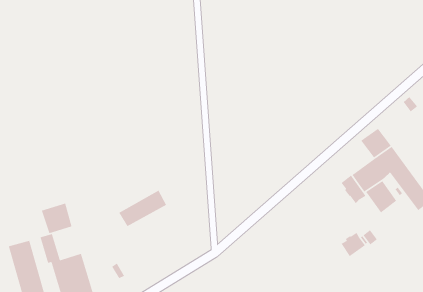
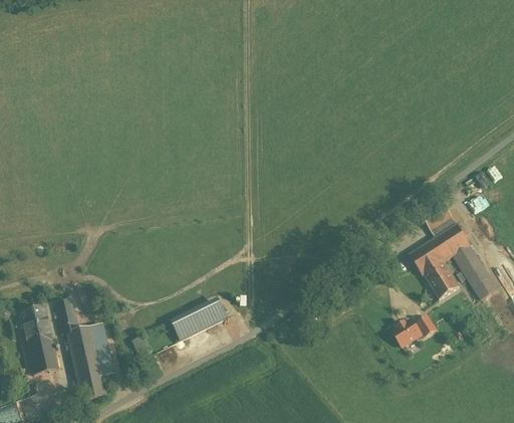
building: [340,174,366,204] -> none
building: [118,190,167,227] -> [172,299,227,340]
building: [41,202,73,234] -> none

